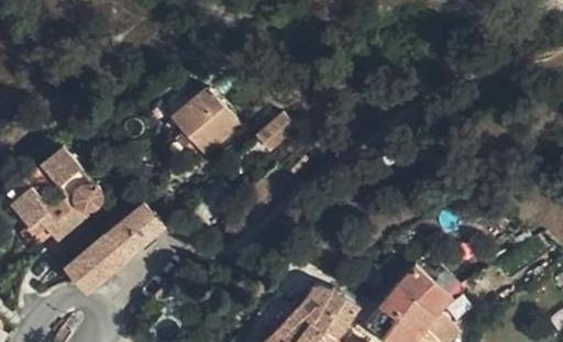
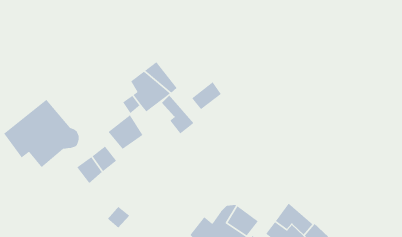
building: none -> [161,95,195,134]
building: none -> [108,114,143,150]
building: [69,236,125,289] -> none
building: [398,267,448,315] -> none

